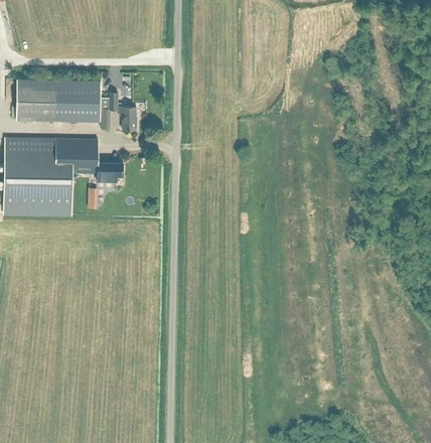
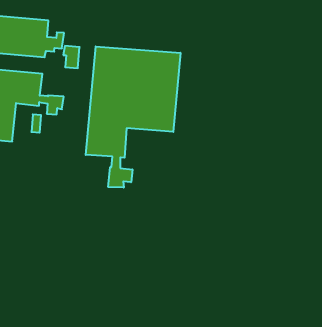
building: none -> [86,46,180,188]

